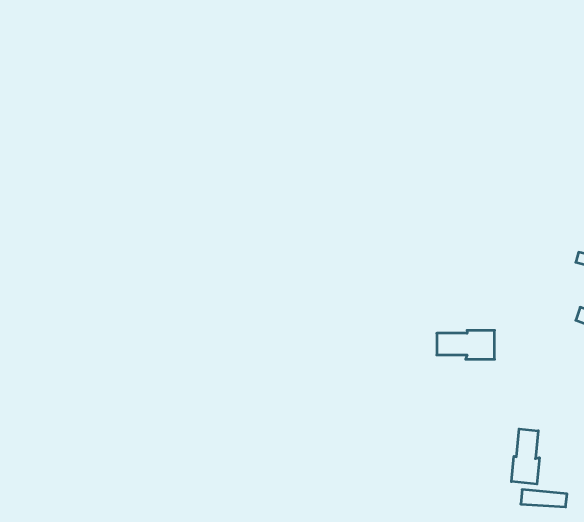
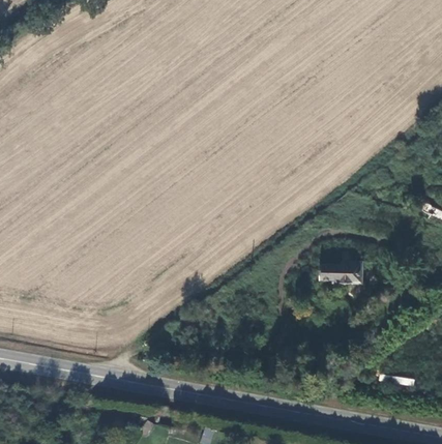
building: [511,429,539,484] -> none

